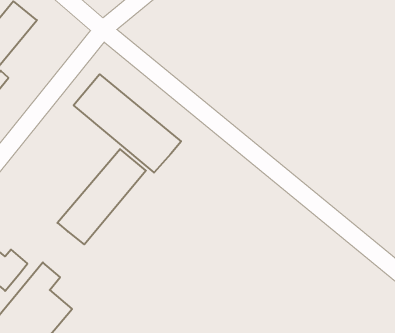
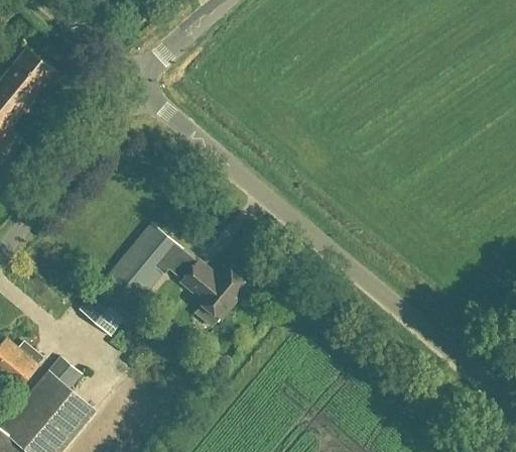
building: [74,74,181,173] -> none
building: none -> [181,260,247,317]

